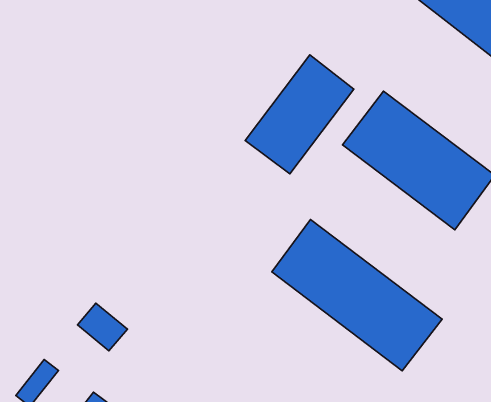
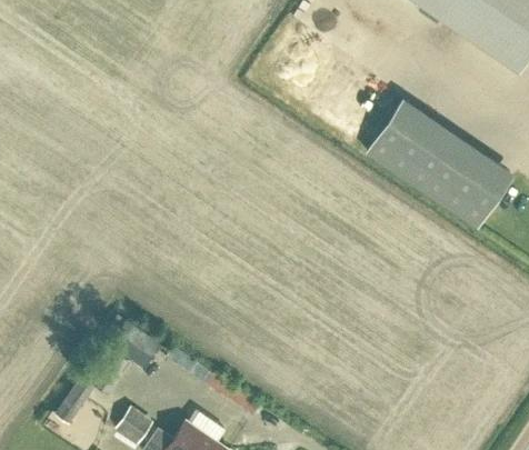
building: [245,55,354,174] -> none
building: [272,220,442,371] -> none

